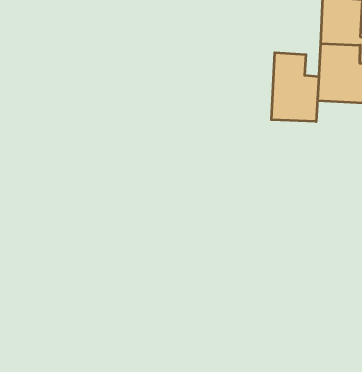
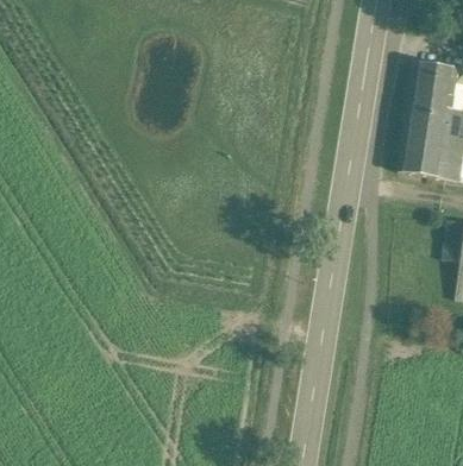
building: [271,53,319,122] -> none

